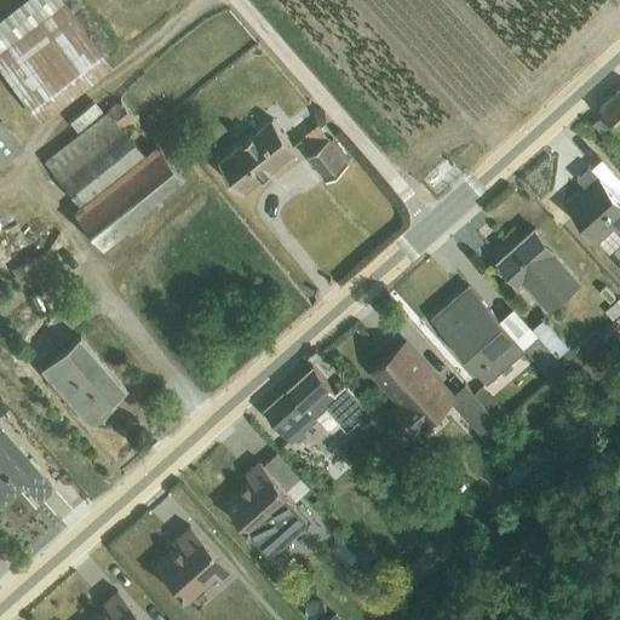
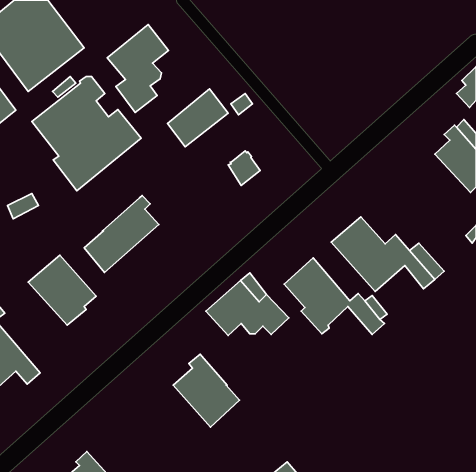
building: none -> [107,25,169,112]
building: [305,142,346,186] -> [228,151,260,185]
building: [494,230,581,315] -> none
building: none -> [84,196,159,273]
building: [262,458,309,506] -> none
building: [150,529,229,607] -> none

